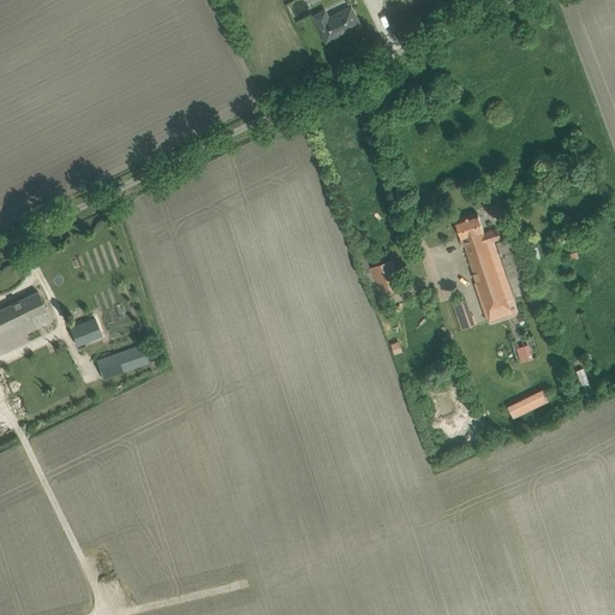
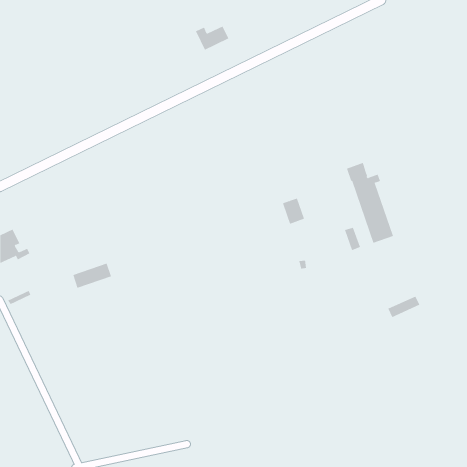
building: [314,8,358,41] -> [195,26,229,50]
building: [17,292,46,332] -> none
building: [67,320,97,348] -> none

